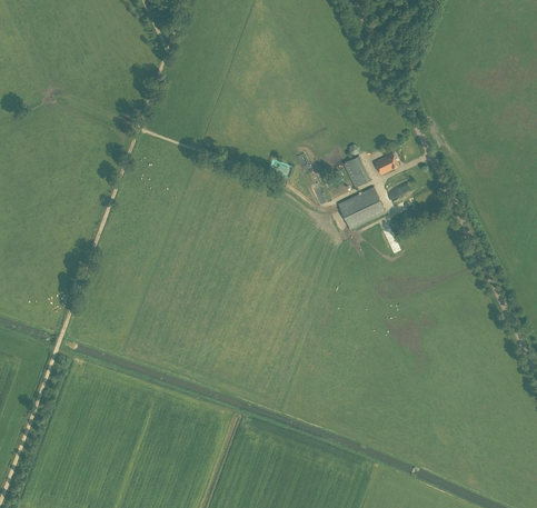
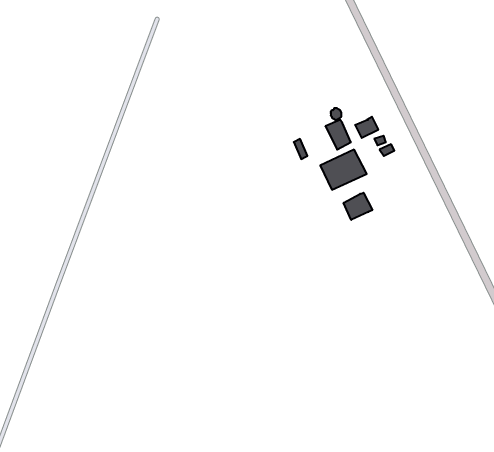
building: none -> [344,193,372,220]

